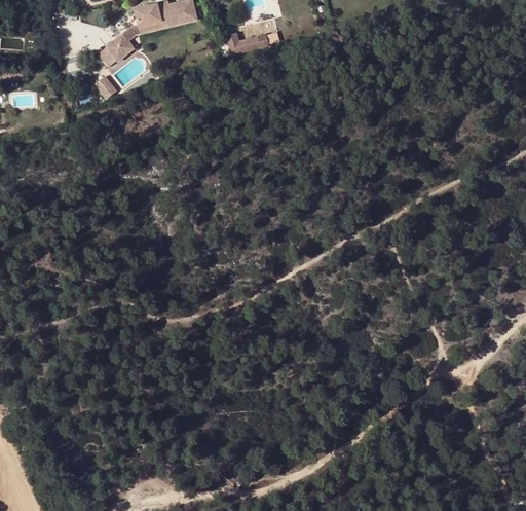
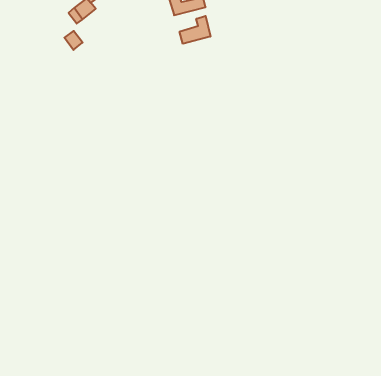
building: none -> [180,16,210,44]

